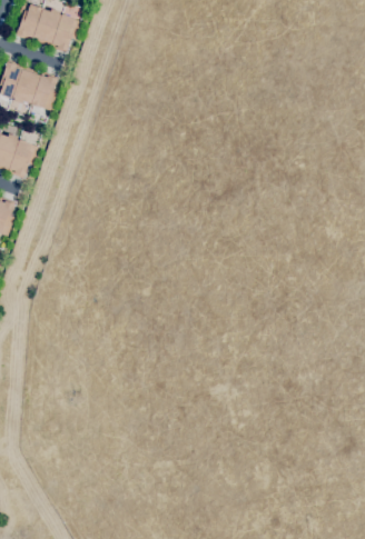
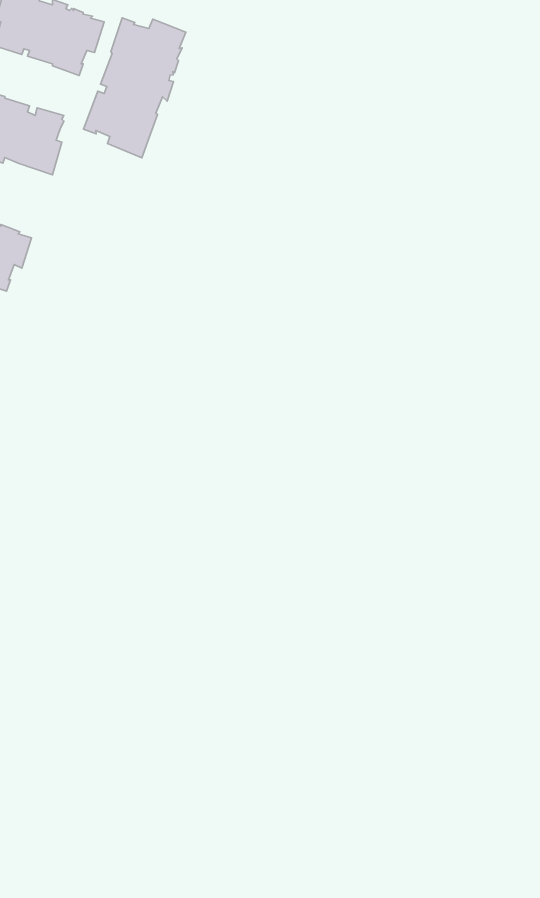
building: none -> [84,18,186,158]

